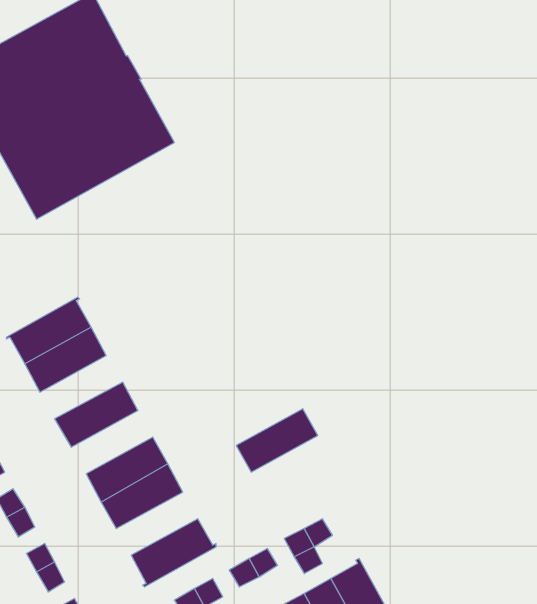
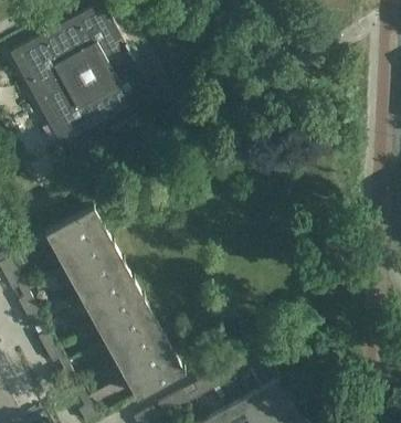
building: none -> [66,245,122,287]
building: [236,409,318,472] -> [117,336,171,378]
building: none -> [87,282,141,324]

